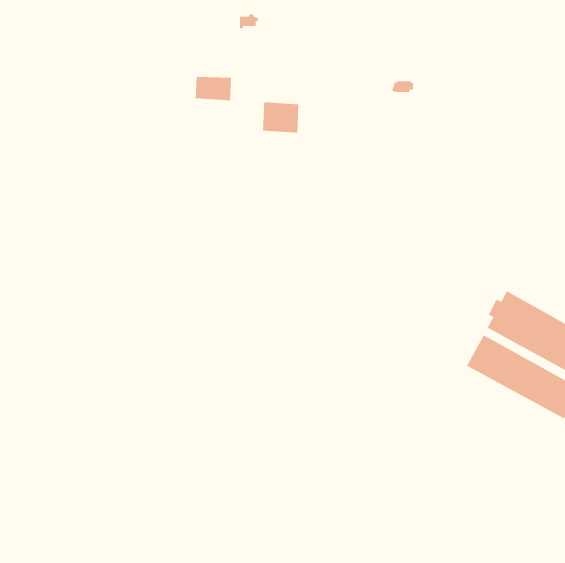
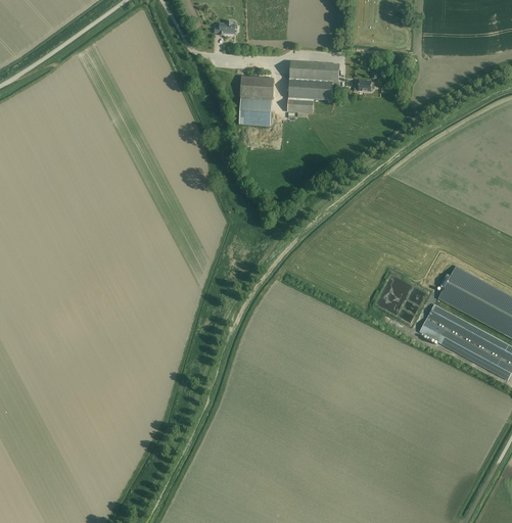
building: none -> [287,61,338,112]
building: [195,76,232,101] -> [240,77,273,98]

